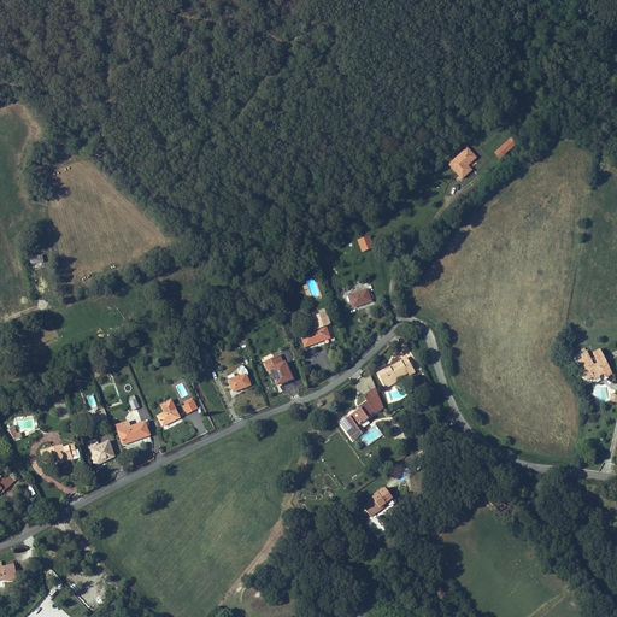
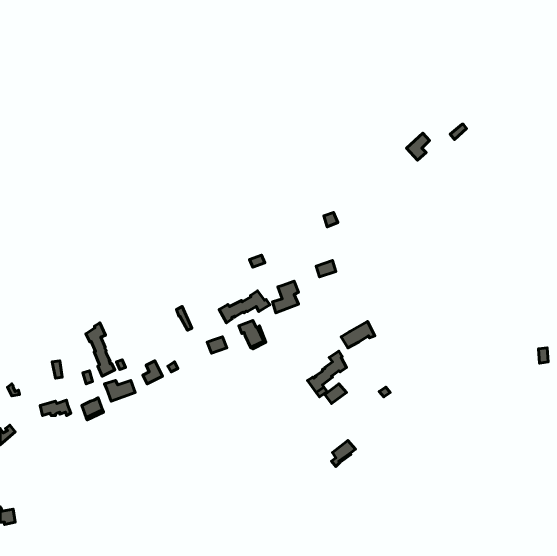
building: none -> [219,291,270,323]
building: [578,348,611,377] -> none
building: none -> [86,323,115,376]

